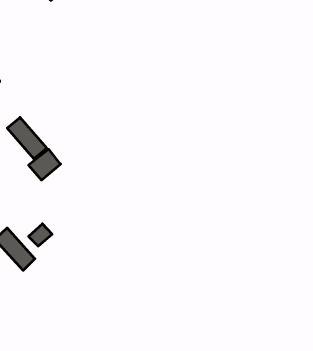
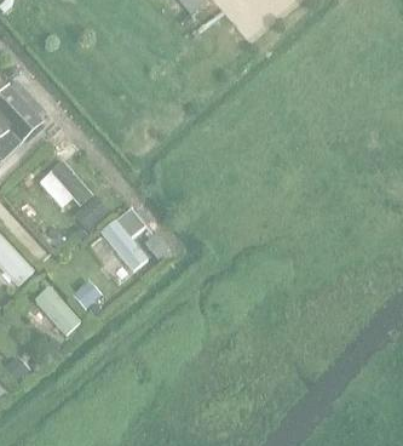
building: none -> [99,219,148,271]

